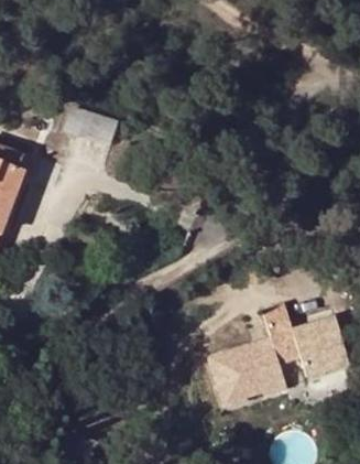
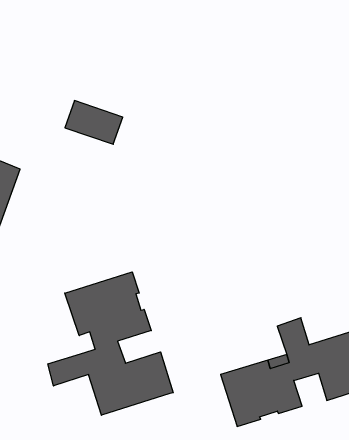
building: none -> [48,272,173,415]

